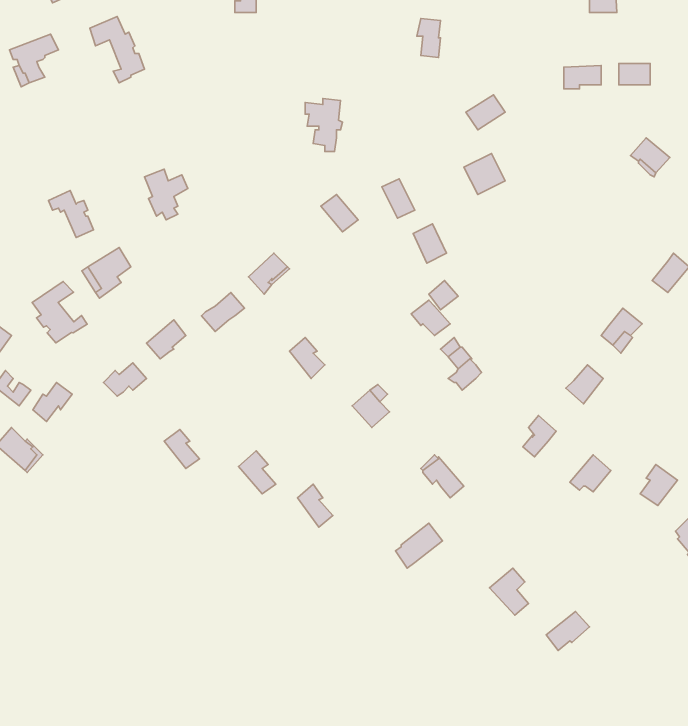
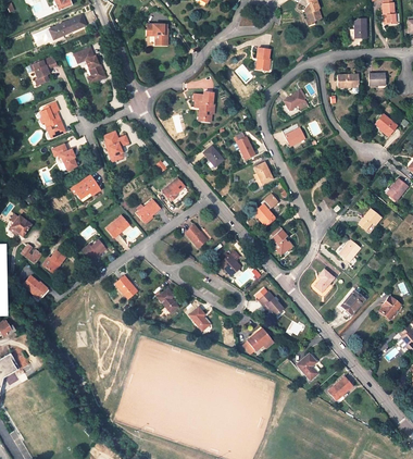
building: none -> [40,102,70,138]
building: [32,282,87,343] -> none

